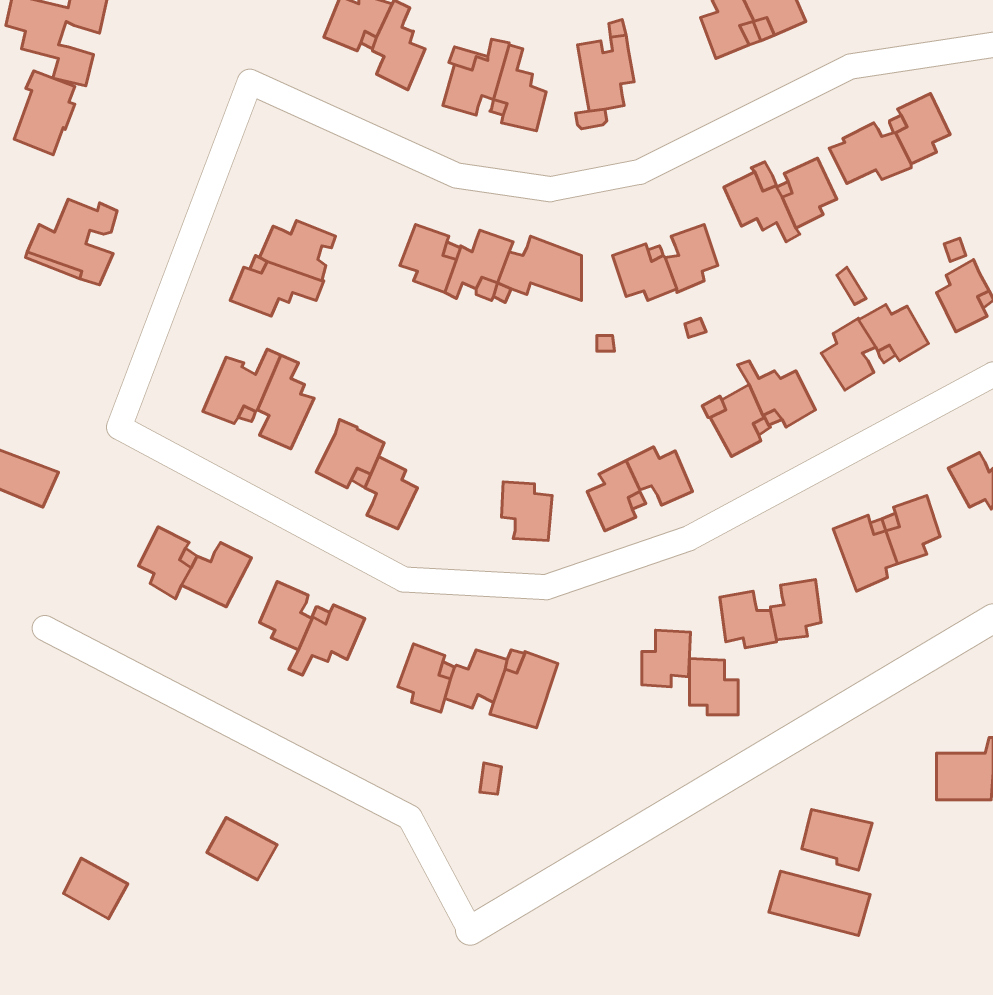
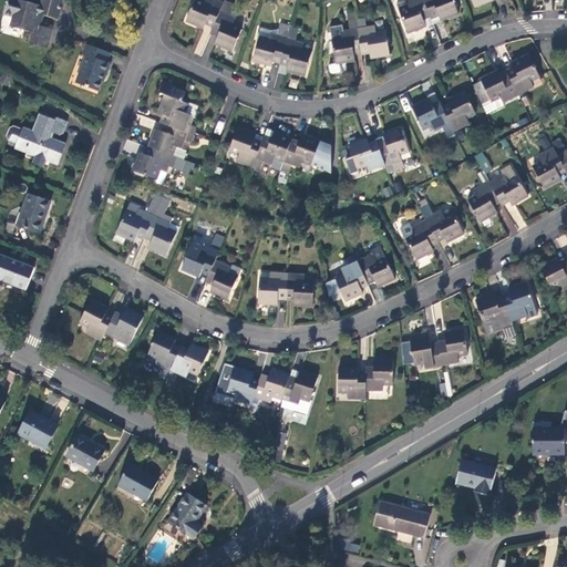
building: none -> [357,25,389,58]
building: [14,71,75,155] -> [74,43,109,91]
building: none -> [157,82,198,134]
building: none -> [16,194,49,233]
building: none -> [257,272,286,306]
building: [689,658,738,715] -> [337,365,364,398]
building: none -> [18,411,56,446]
building: [63,858,128,919] -> [66,435,103,470]
building: none -> [168,492,206,537]
building: [769,871,870,936] -> [372,501,430,537]

